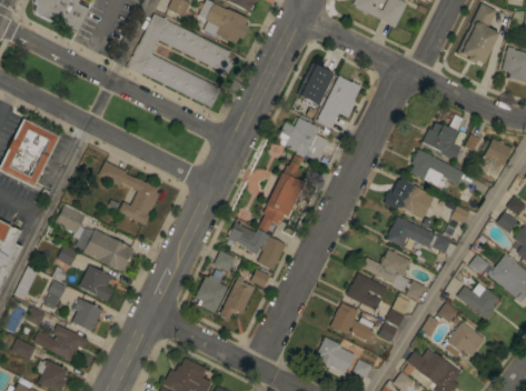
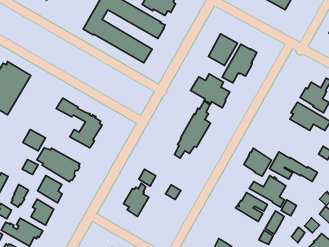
building: [397,182,434,219] -> [244,148,271,176]
building: [227,222,286,270] -> none
building: [219,277,255,320] -> none
building: [330,303,375,341] -> none

